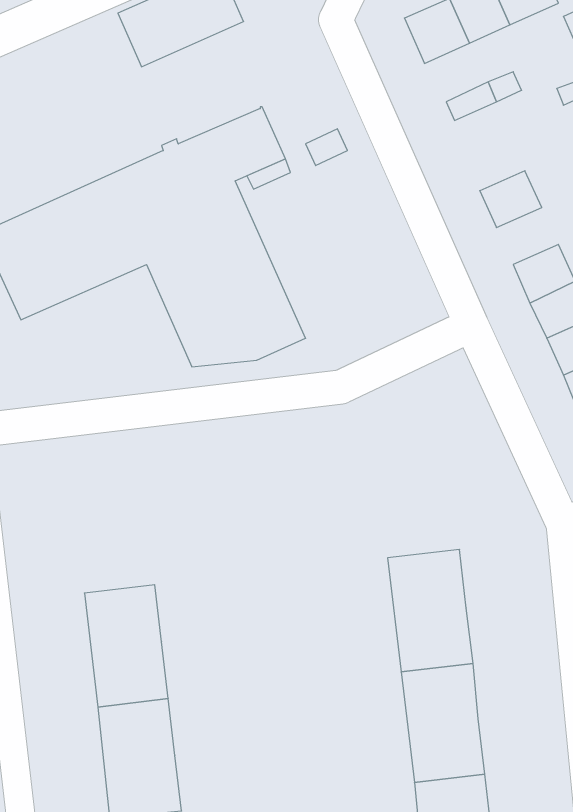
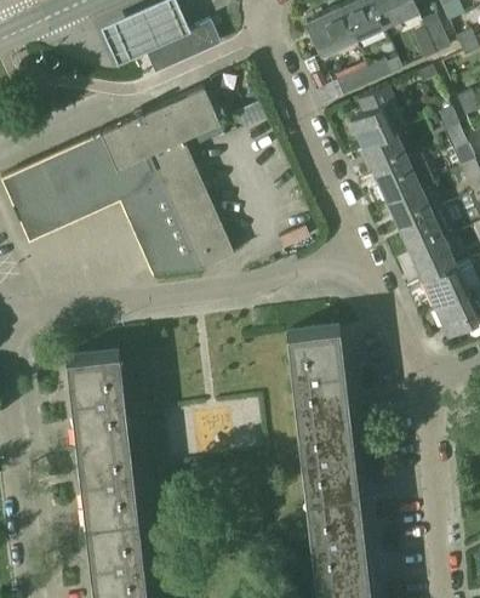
building: none -> [155,21,218,70]
building: none -> [350,86,407,147]
building: none -> [375,159,419,200]
building: none -> [287,326,348,412]
building: none -> [67,353,127,438]

